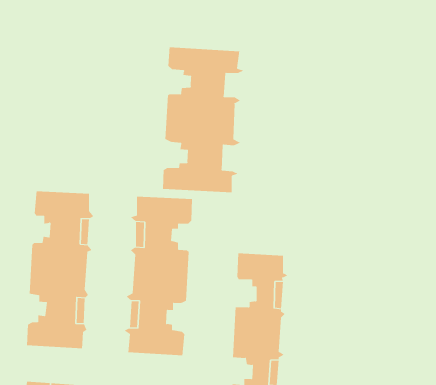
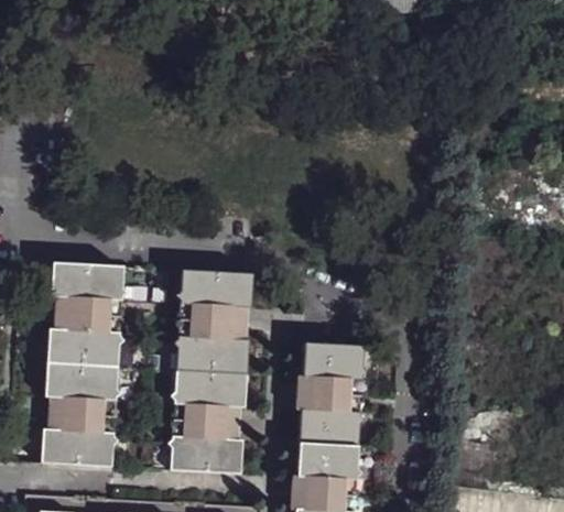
building: [163,46,245,193] -> none

